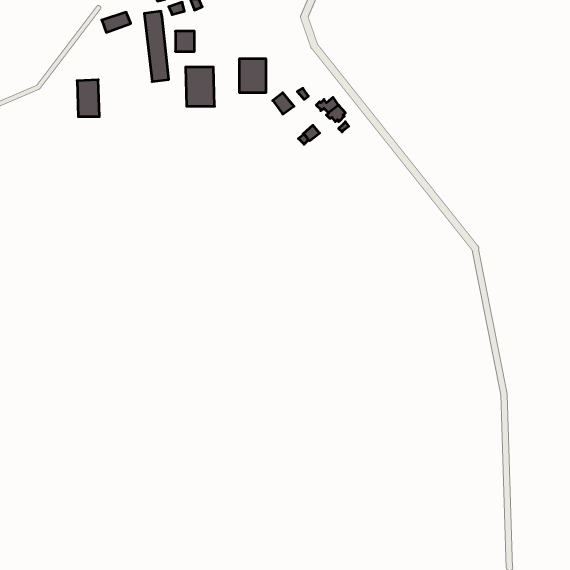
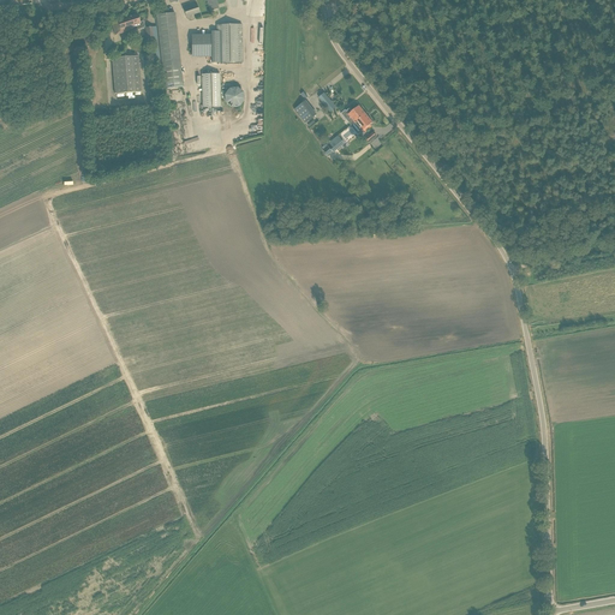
building: [239,59,266,92] -> [215,23,244,59]
building: [77,80,99,117] -> [114,54,138,94]

